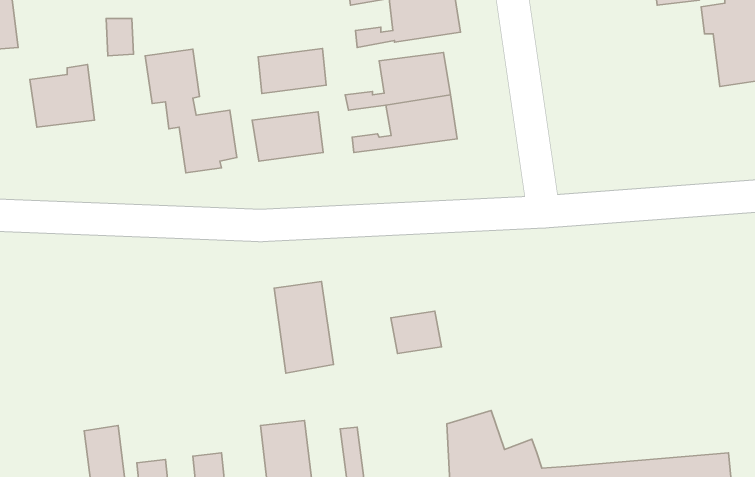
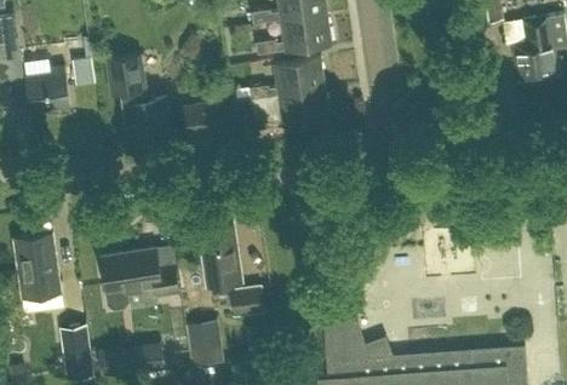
building: [258,49,326,94] -> none
building: none -> [15,234,61,299]
building: [391,311,442,354] -> [230,286,267,316]
building: none -> [102,249,179,309]

